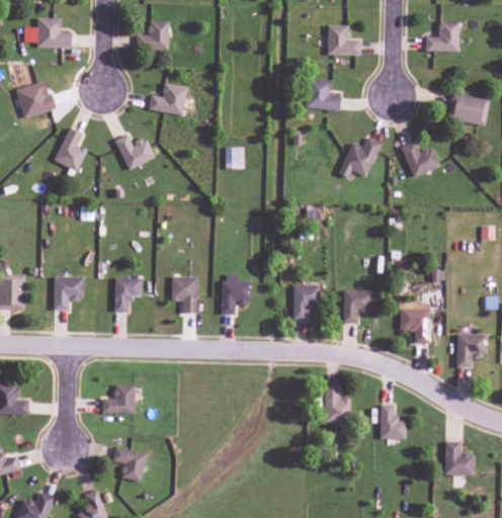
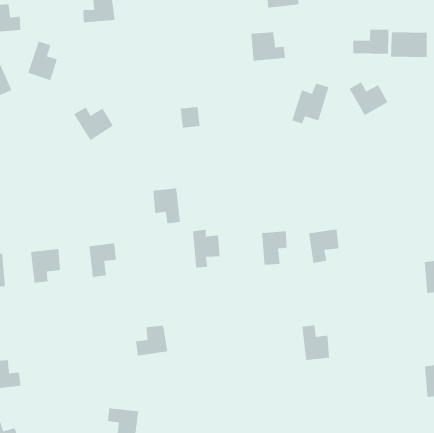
building: [148,82,188,115] -> none
building: none -> [352,29,389,54]
building: [54,127,87,171] -> [27,40,58,81]
building: [171,276,197,313] -> [153,187,181,224]
building: [400,309,430,343] -> none
building: [102,384,135,414] -> [135,325,168,356]
building: [380,405,406,439] -> none

